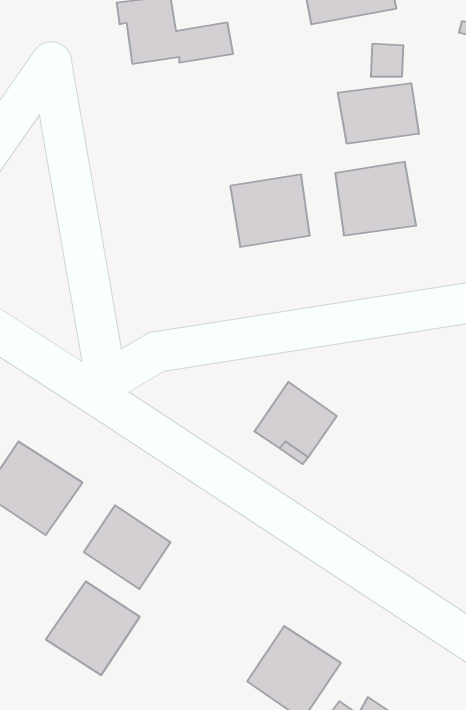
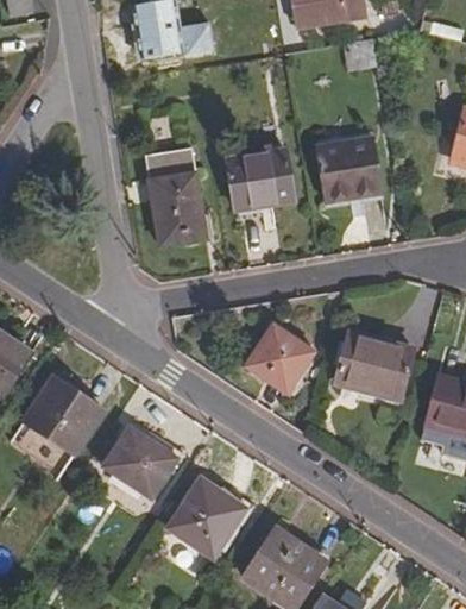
building: [338,83,419,144] -> none
building: none -> [146,147,208,245]
building: none -> [338,332,415,397]
building: [46,581,140,675] -> [165,481,244,559]

